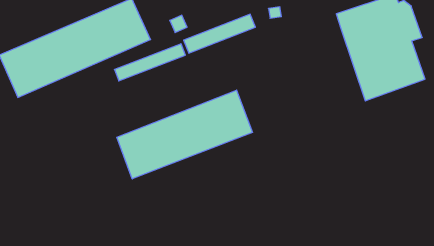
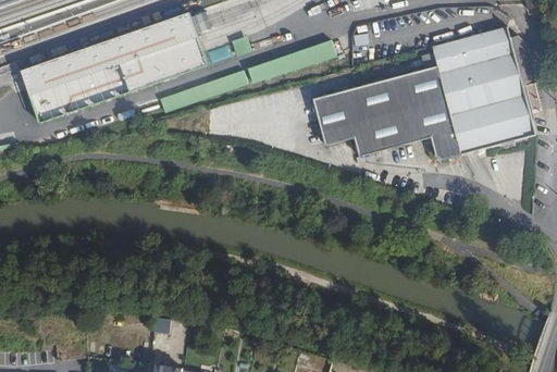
building: none -> [310,66,459,161]
building: [117,90,252,179] -> none

